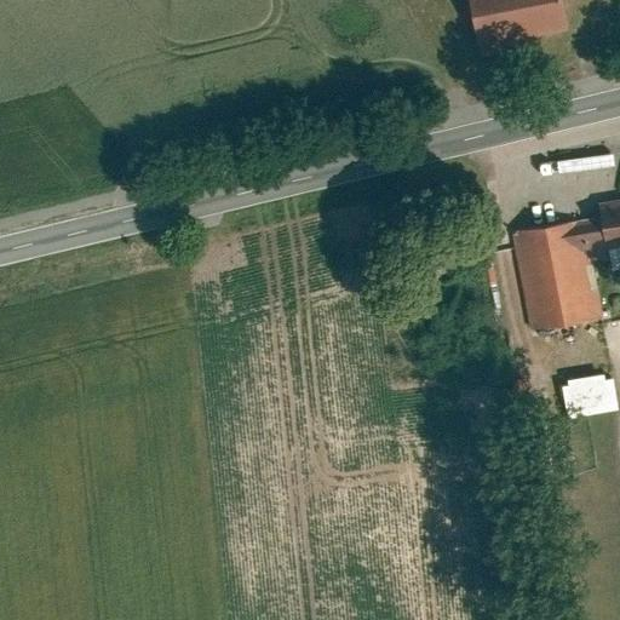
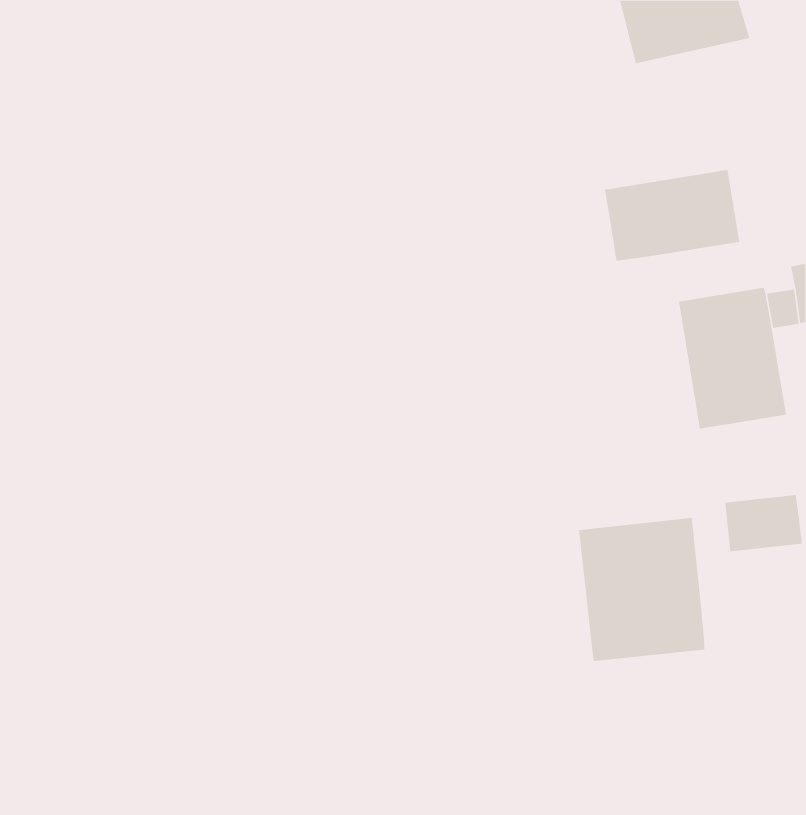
building: none -> [605,169,740,261]
building: none -> [579,517,705,662]

